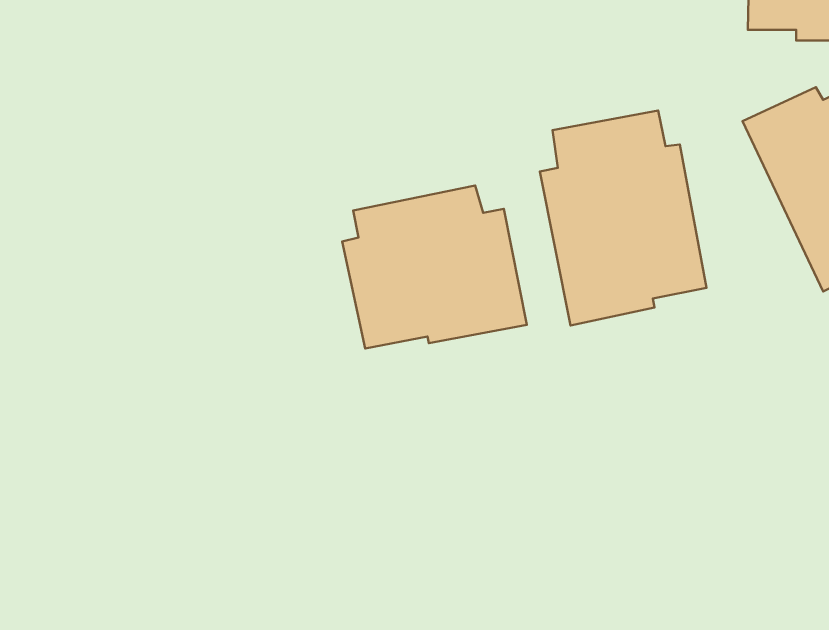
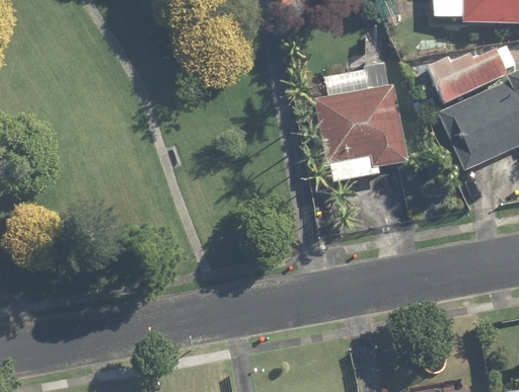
building: [342,185,527,349] -> none

